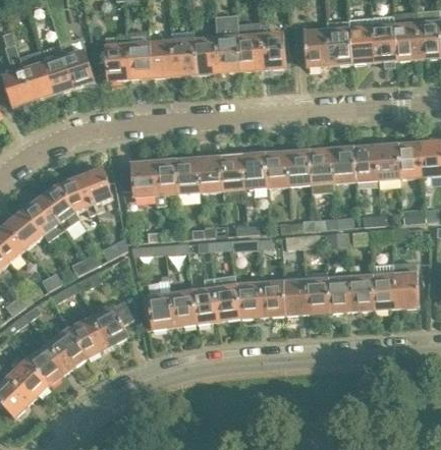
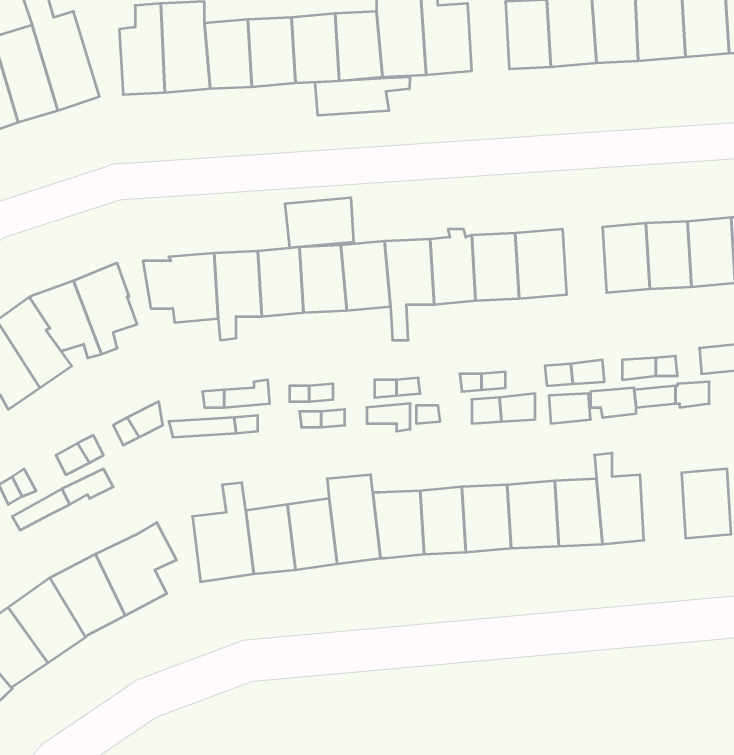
building: none -> [315,77,410,115]
building: none -> [285,198,354,248]
building: [333,148,355,182] -> none
building: [372,263,396,308] -> none

